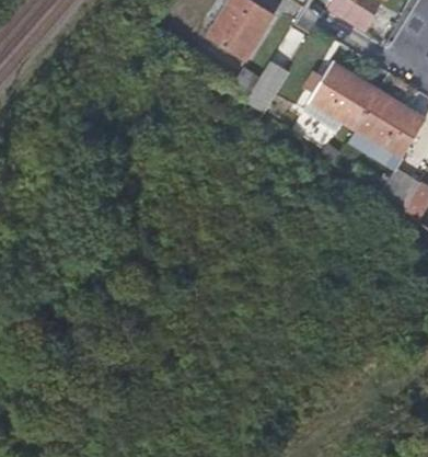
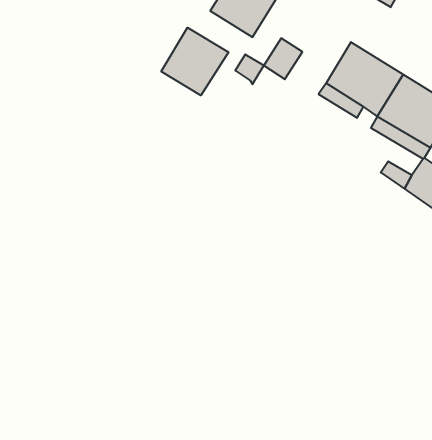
building: none -> [161,28,229,95]

